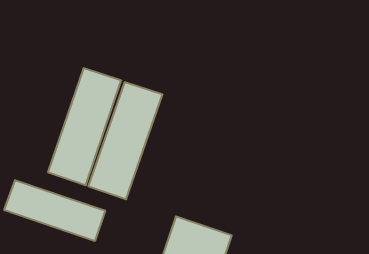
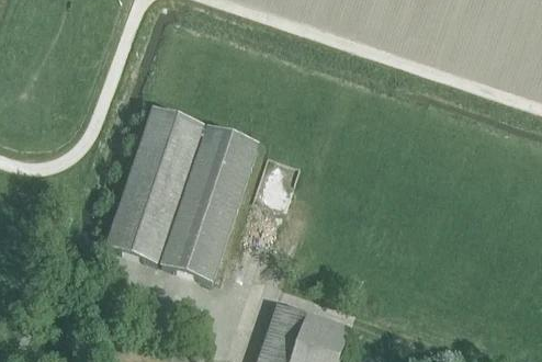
building: [4,180,105,241] -> none

